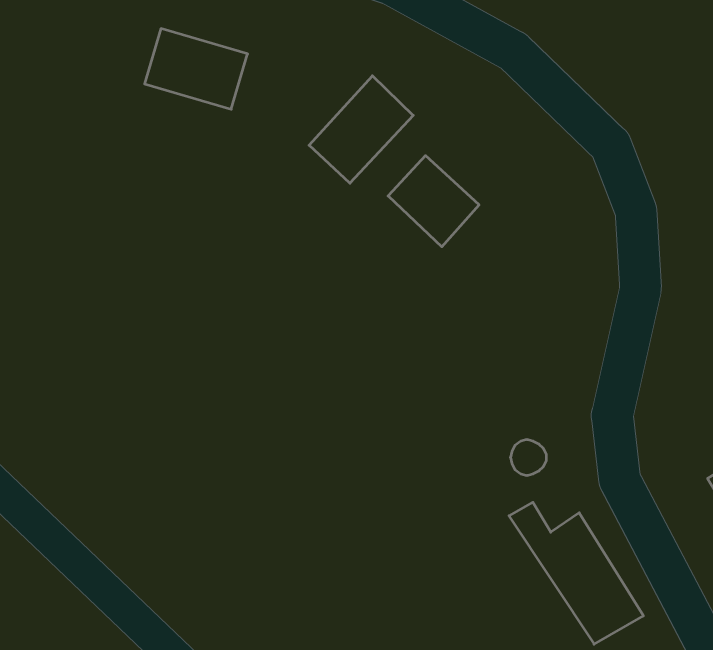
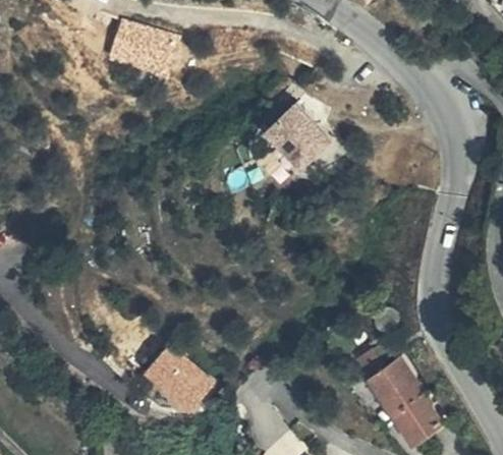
building: [309,76,413,183] -> none
building: none -> [141,345,211,414]

